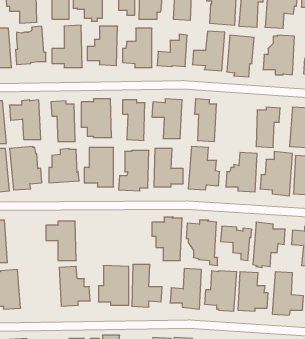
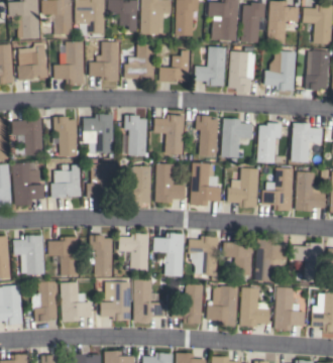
building: none -> [221,118,252,158]
building: none -> [118,230,148,273]
building: none -> [12,235,43,275]
building: none -> [89,235,111,275]
building: none -> [31,281,57,322]

